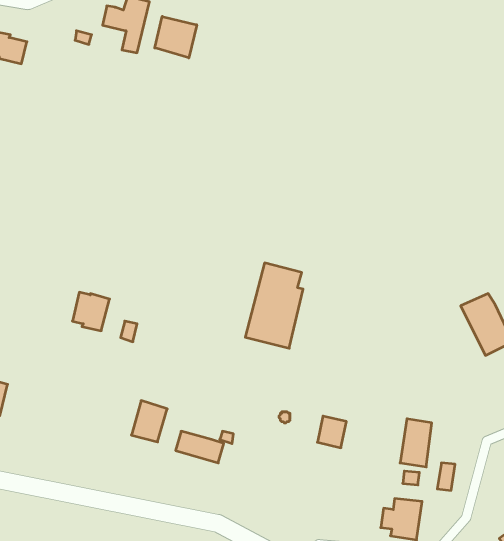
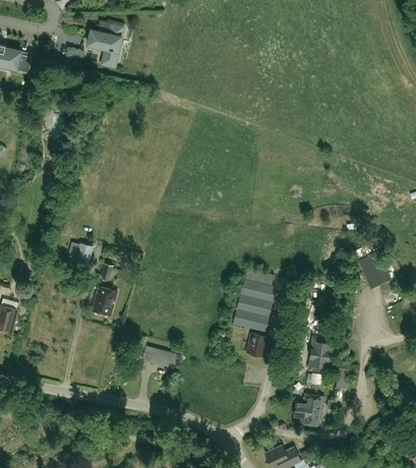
building: [155,16,197,58] -> none
building: [245,263,303,348] -> [232,268,275,331]
building: [131,401,167,442] -> [91,286,117,316]

